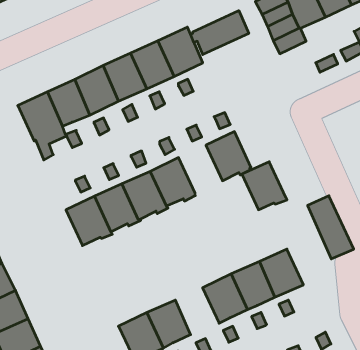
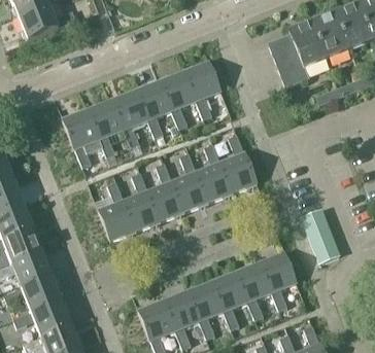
building: [191,11,249,55] -> none
building: [242,162,287,210] -> [196,161,233,201]
building: none -> [186,281,223,320]

